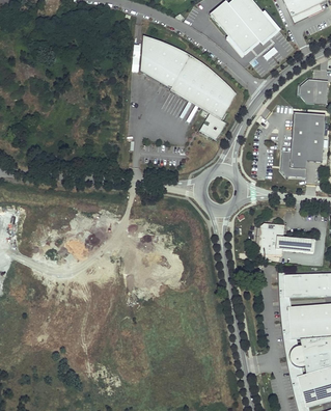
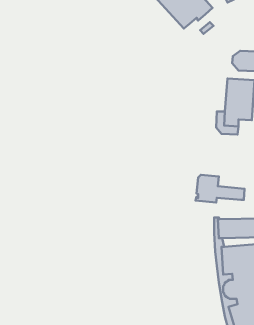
building: [140,35,236,139] -> none

